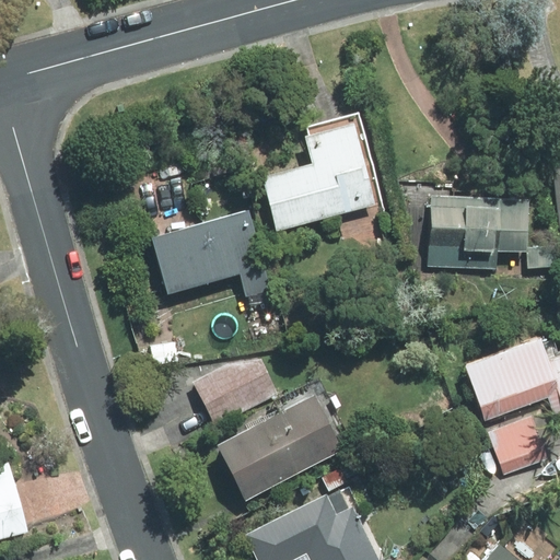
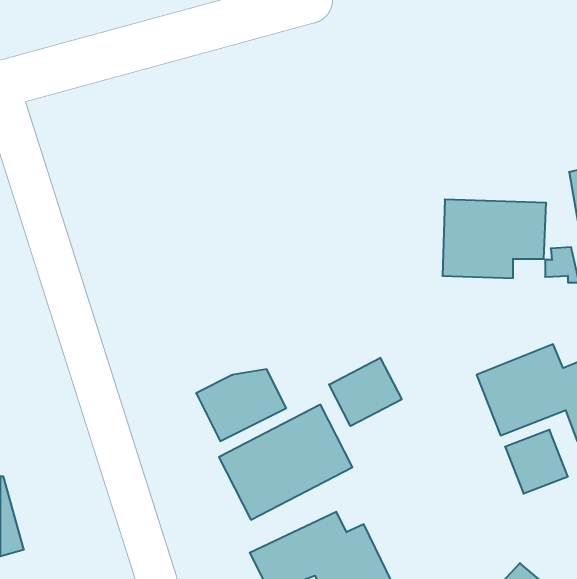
building: [261,120,375,233] -> none
building: [149,206,270,298] -> none
building: none -> [329,358,402,426]

